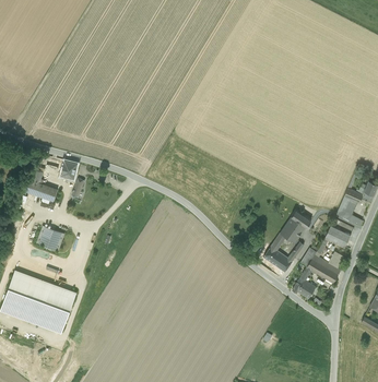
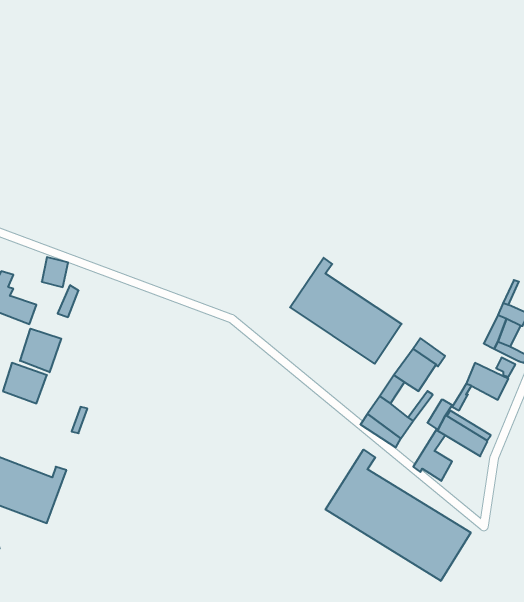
building: none -> [290,258,402,364]
building: none -> [20,329,61,372]
building: none -> [326,450,471,581]

